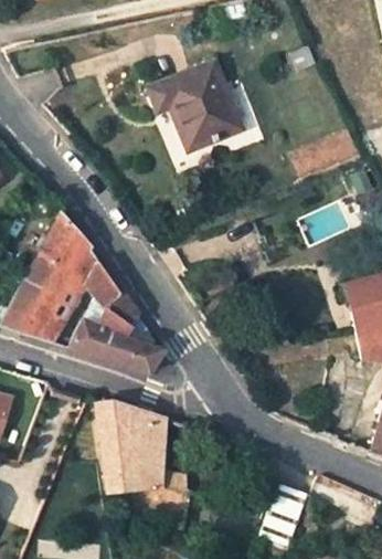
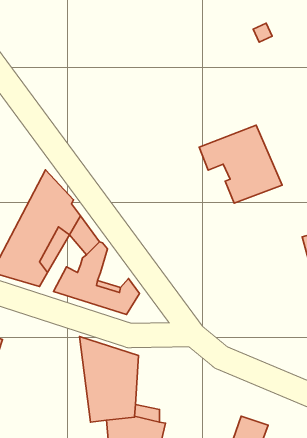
building: [149,63,241,149] -> [199,125,282,203]

